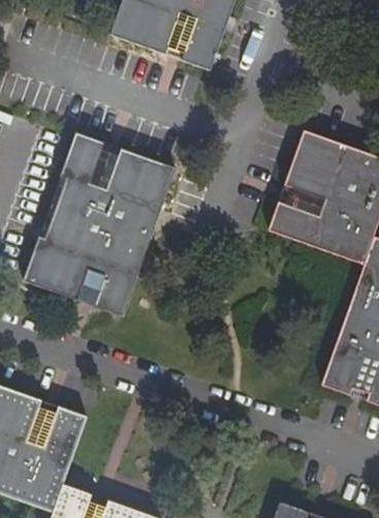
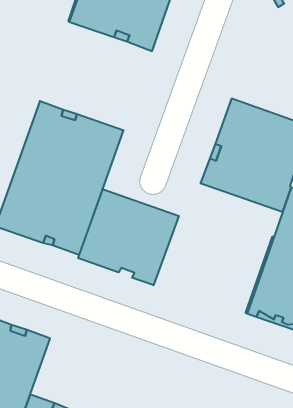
building: none -> [78,189,179,285]

